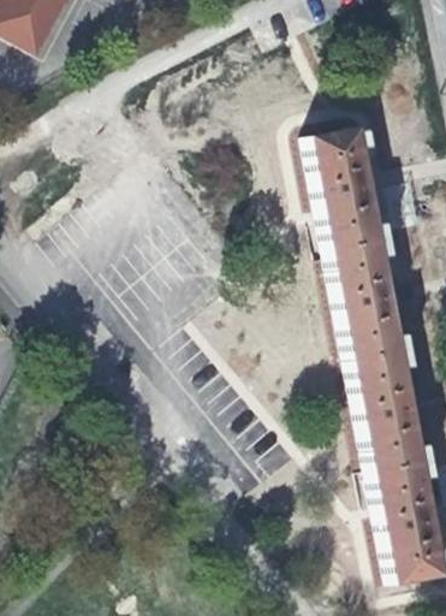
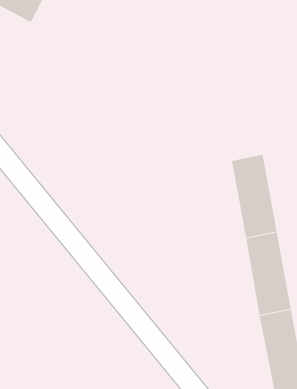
building: [314,128,381,248] -> none

